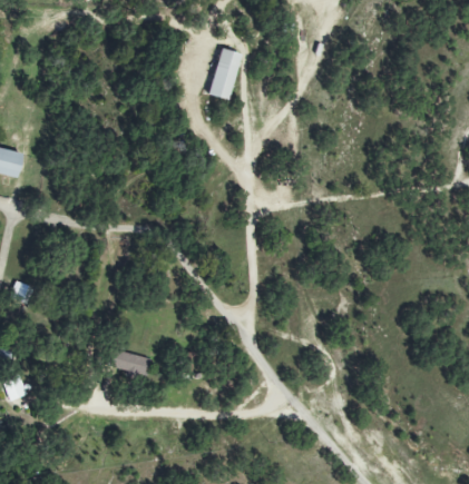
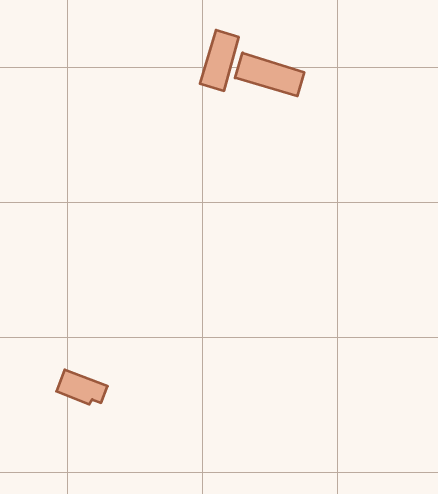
building: none -> [235,53,304,96]

